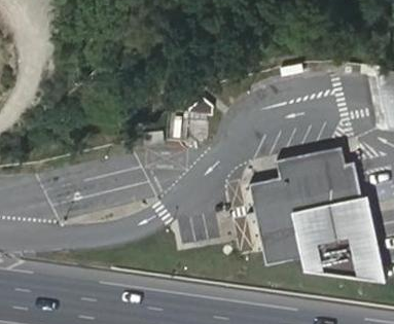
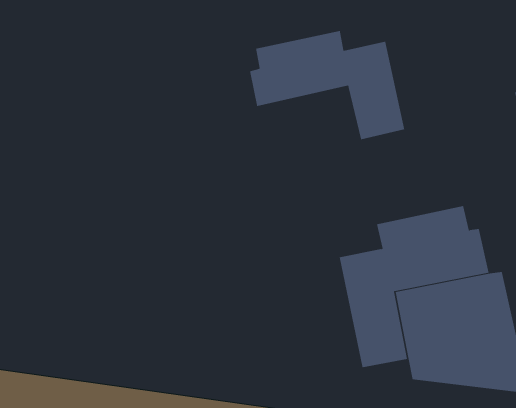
building: none -> [250,30,405,140]

